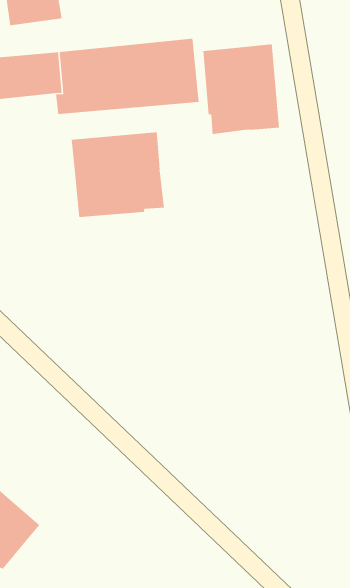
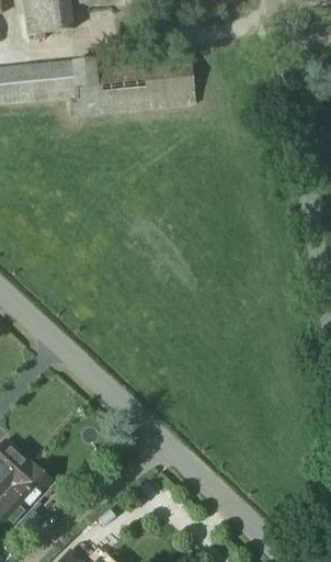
building: [203,44,280,135] -> none
building: [71,132,165,218] -> none

